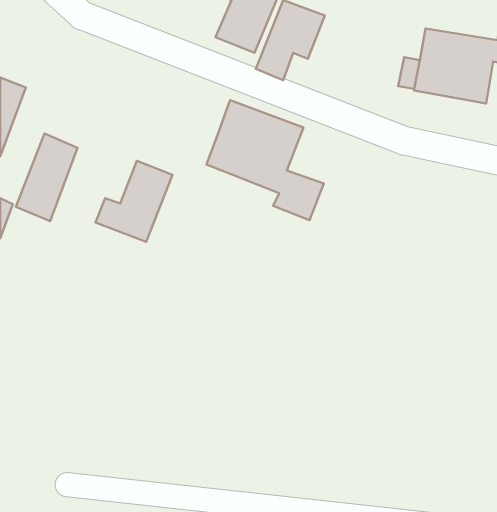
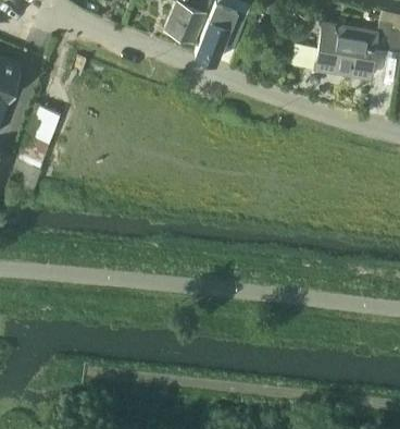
building: [207,100,324,220] -> none
building: [95,161,172,242] -> none

